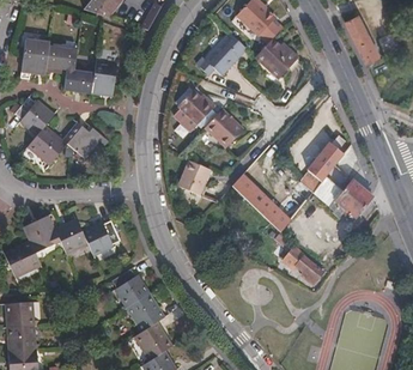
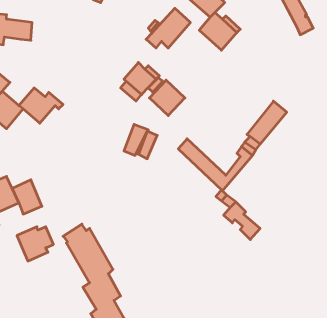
building: [61,57,116,95] -> none
building: [330,180,373,218] -> none
building: [79,222,119,259] -> [17,227,53,261]

